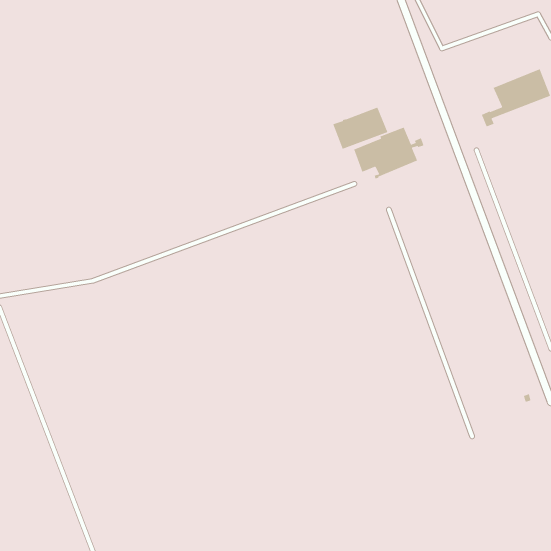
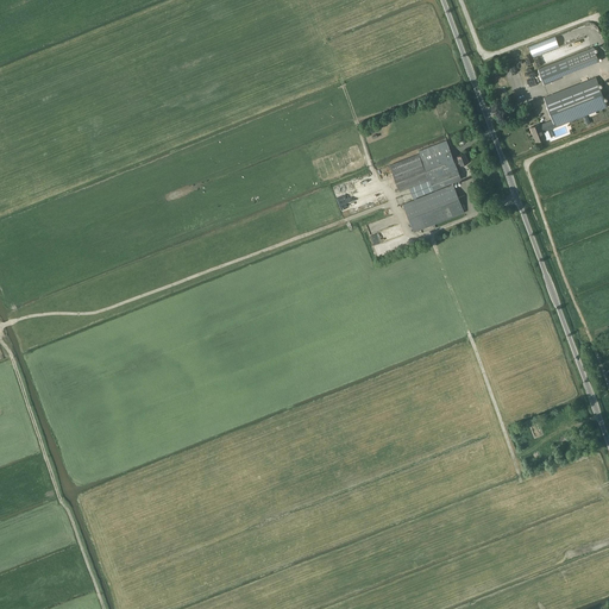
building: none -> [536,45,598,83]
building: [332,107,388,150] -> [402,183,464,231]

